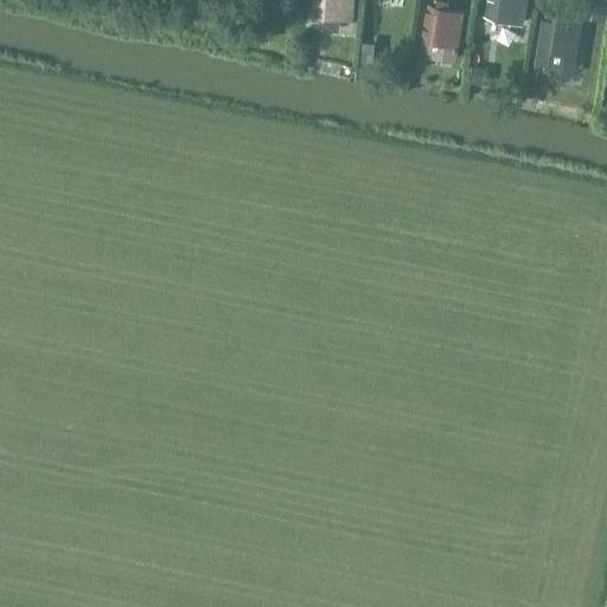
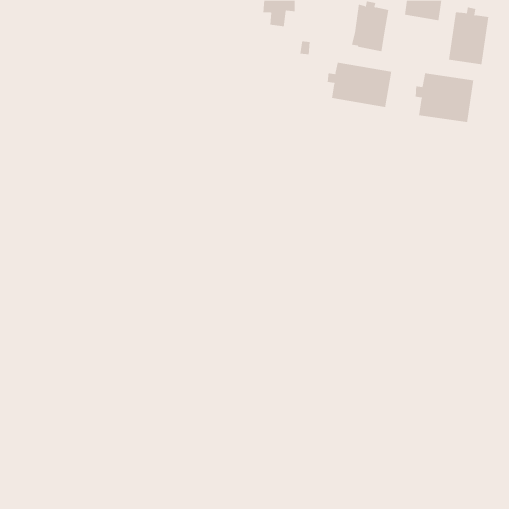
building: none -> [327,62,392,108]
building: none -> [415,73,474,123]

